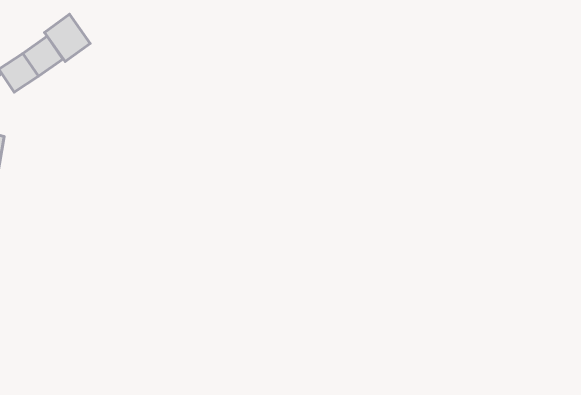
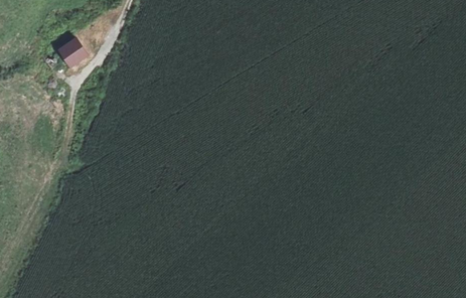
building: [44,14,90,62] -> none

